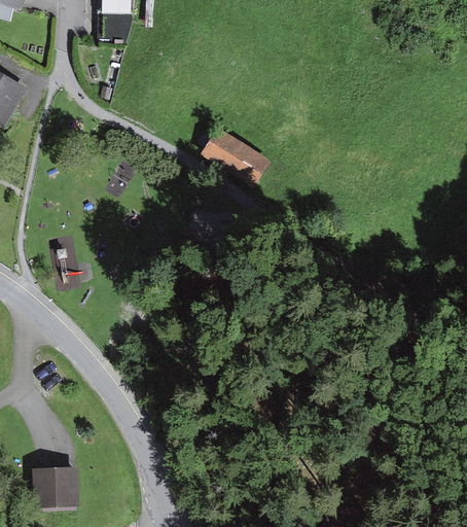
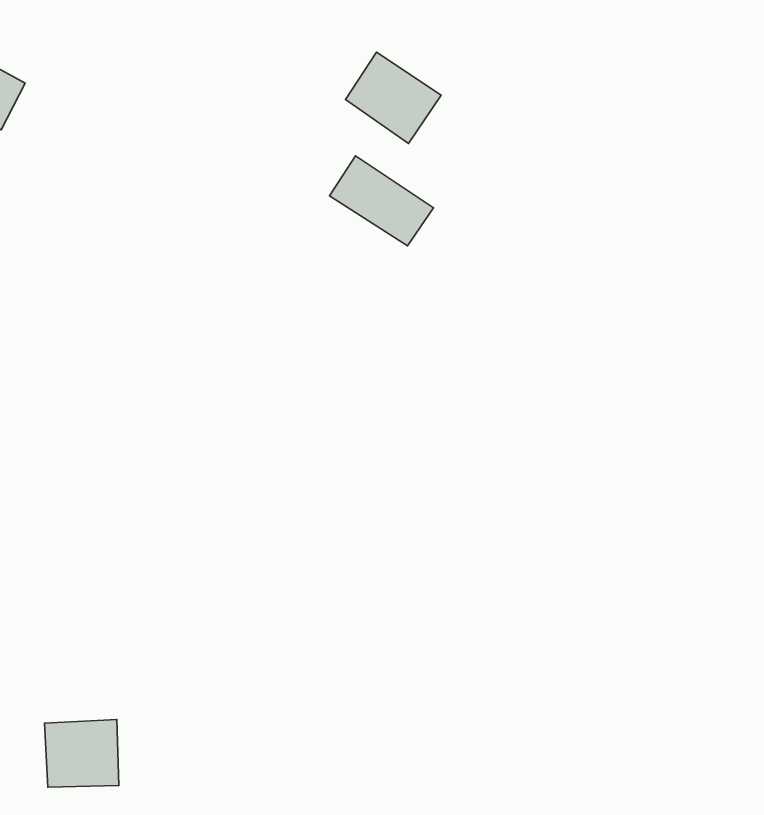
building: none -> [346,52,441,143]

